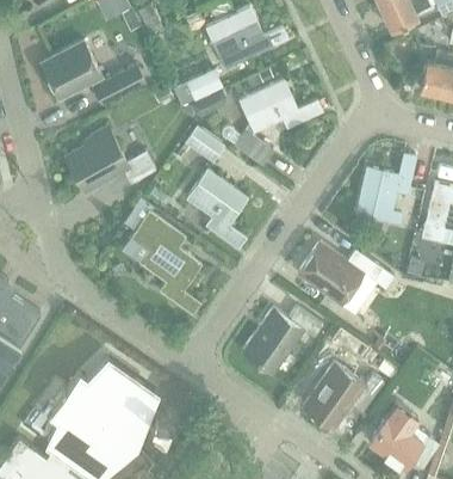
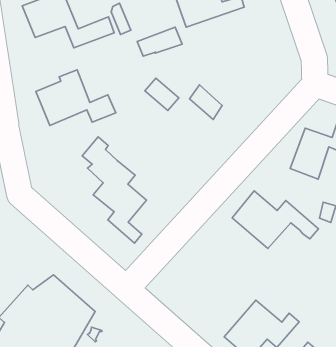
building: [238,80,322,133] -> none
building: [188,171,247,247] -> none
building: [242,307,322,374] -> none

